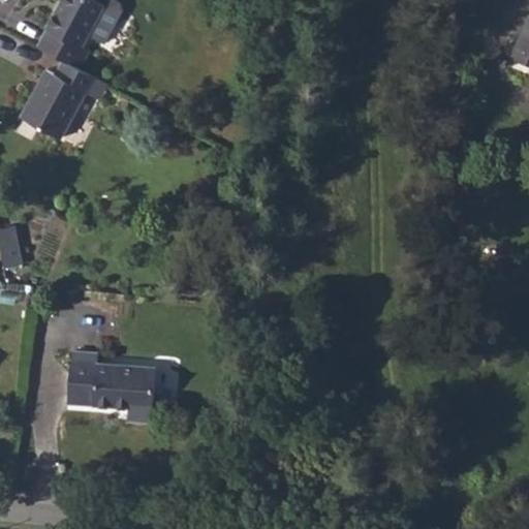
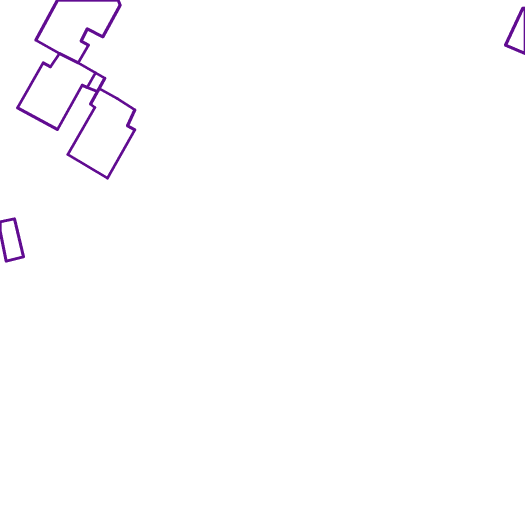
building: none -> [68,89,135,178]
building: [71,354,159,424] -> none

